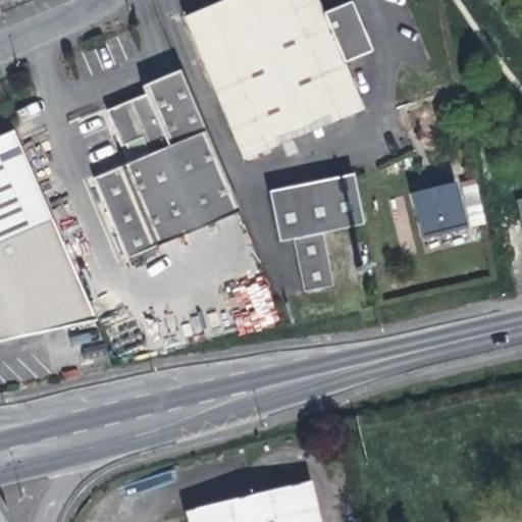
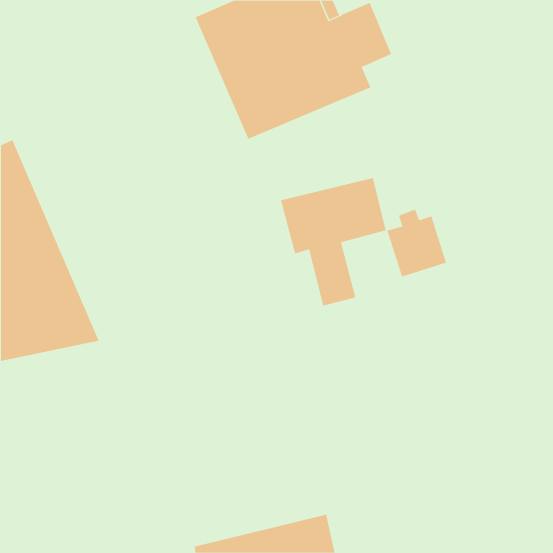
building: [91,68,239,260] -> none
building: [233,83,361,159] -> none
building: [413,163,470,227] -> [386,209,447,277]

